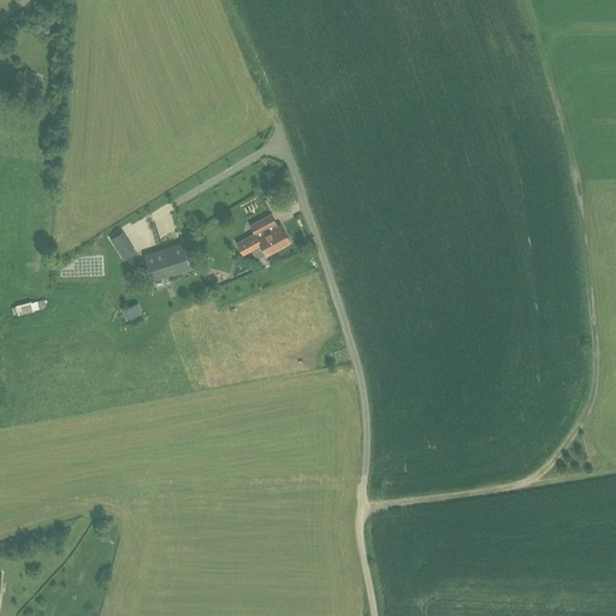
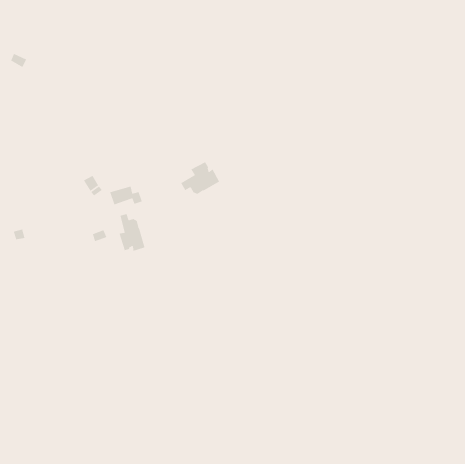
building: none -> [118,213,145,252]

